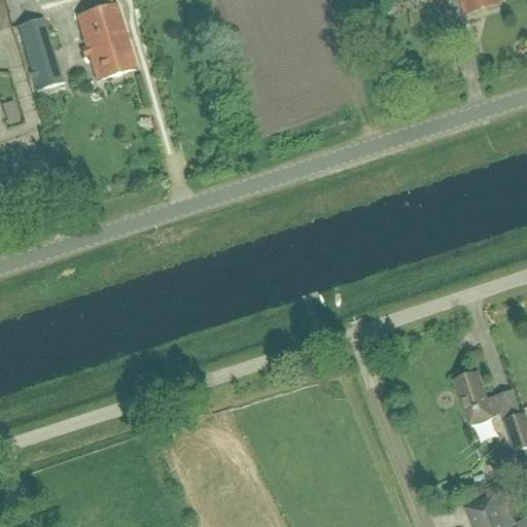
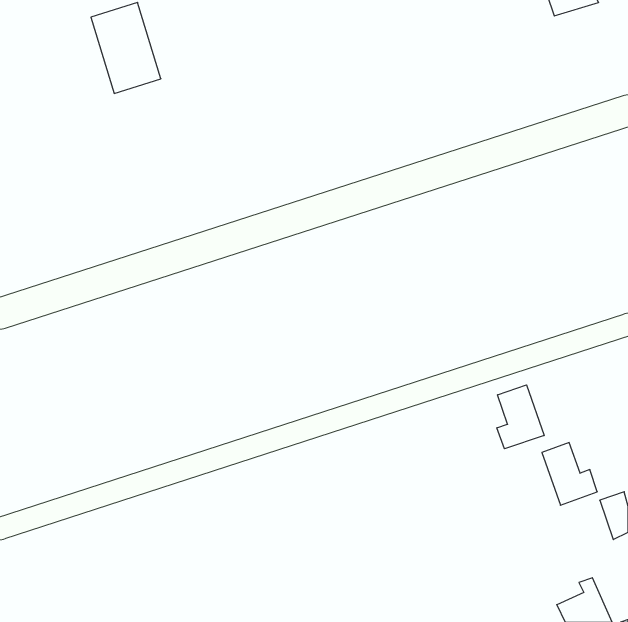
building: [15,16,63,90] -> none
building: none -> [497,385,544,449]

